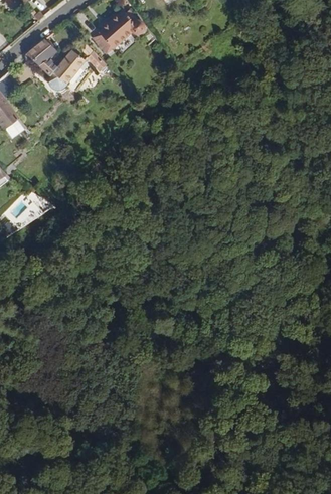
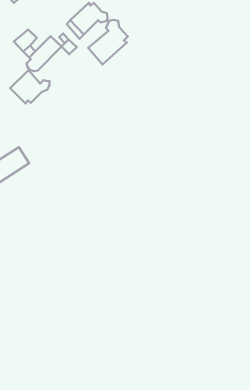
building: none -> [88,20,128,64]
building: none -> [10,70,49,104]

